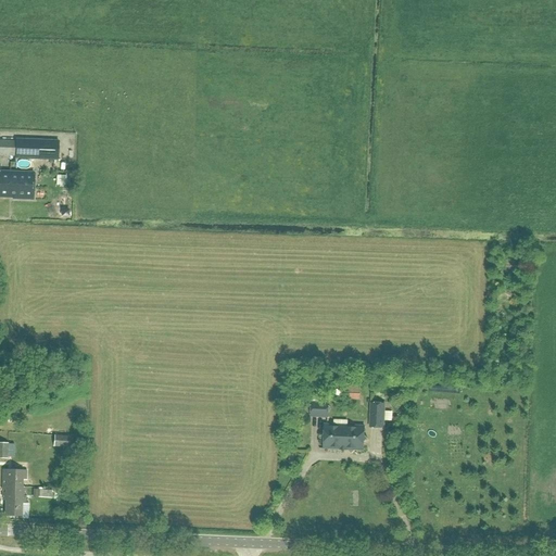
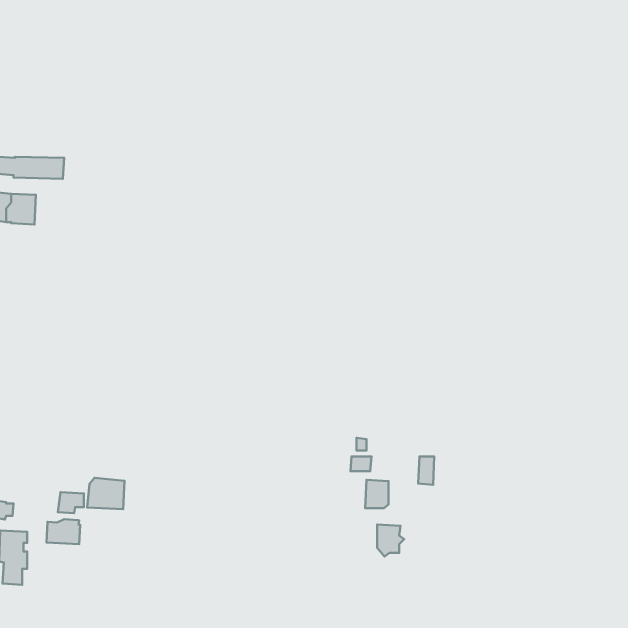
building: none -> [87,478,124,509]
building: [342,424,366,452] -> [377,524,404,557]
building: none -> [46,519,80,544]

